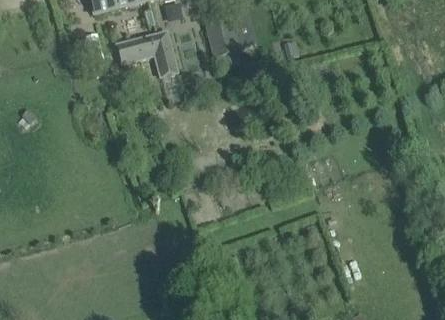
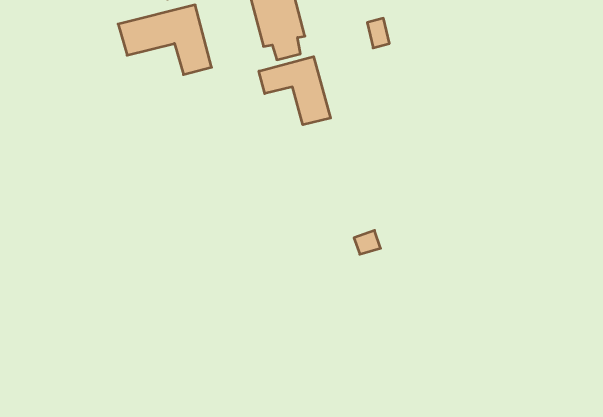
building: none -> [259,57,331,125]

